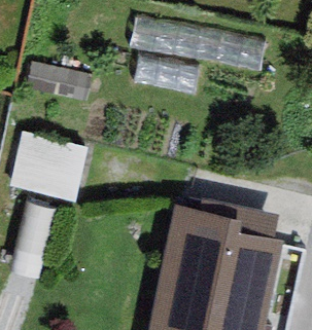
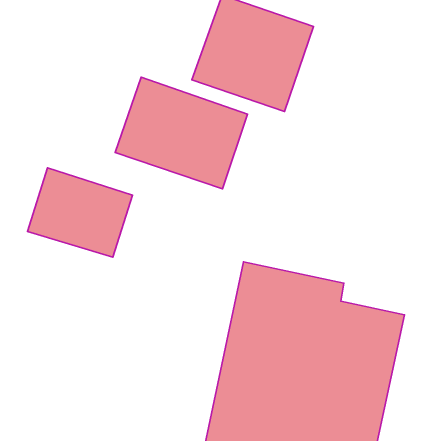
building: none -> [115,77,248,189]

